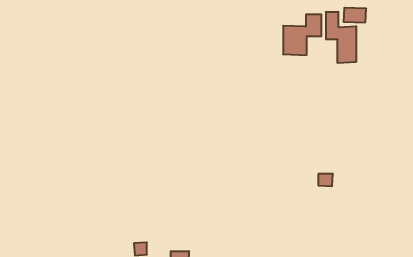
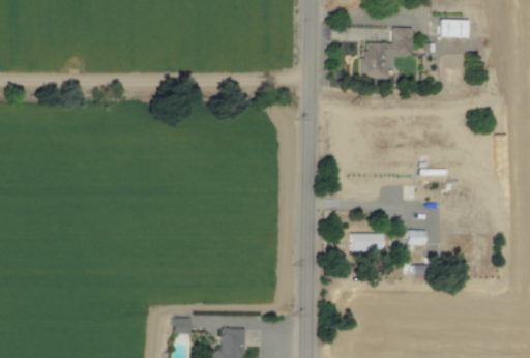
building: [326,12,356,63] -> none
building: none -> [351,234,384,252]

